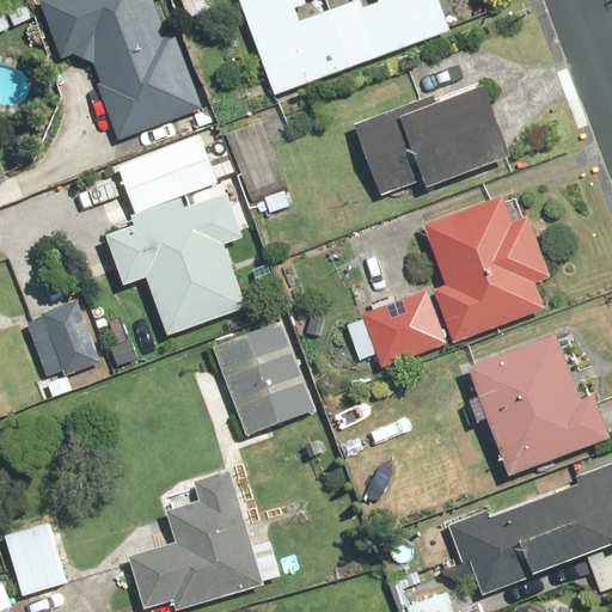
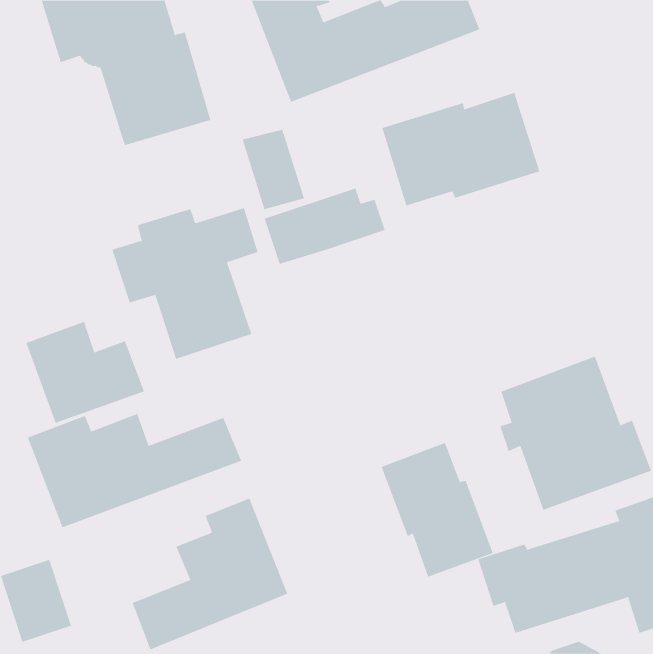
building: [118,137,232,209] -> [264,188,385,265]
building: [350,196,547,367] -> none
building: [210,319,318,435] -> none
building: none -> [27,413,242,528]
building: none -> [381,442,494,578]

